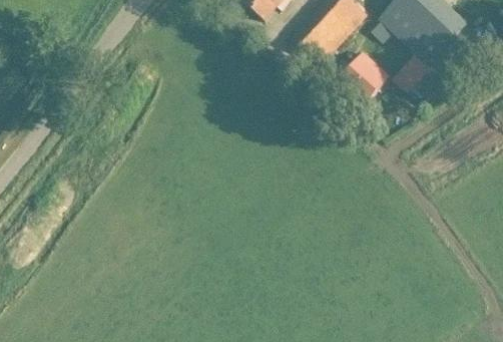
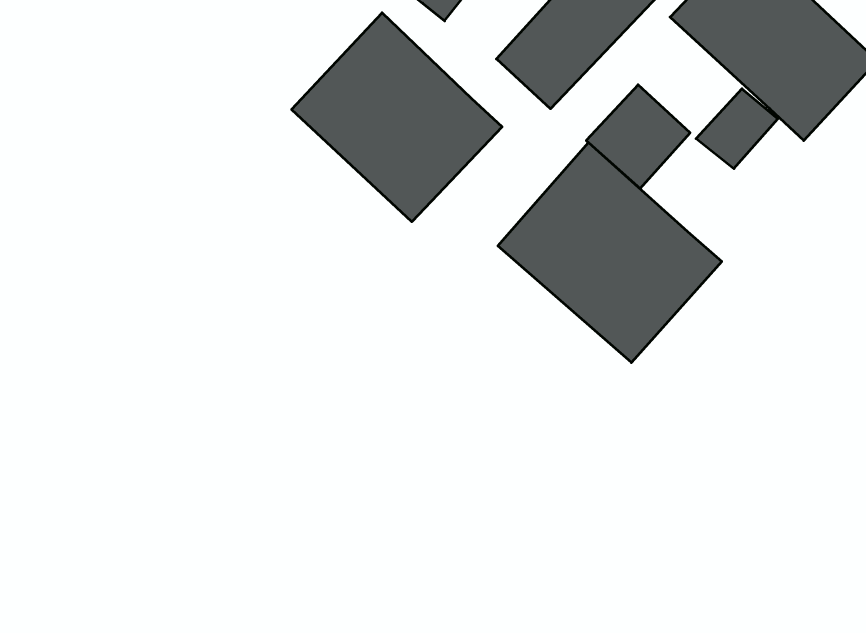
building: none -> [292,13,502,222]
building: none -> [498,142,722,363]

